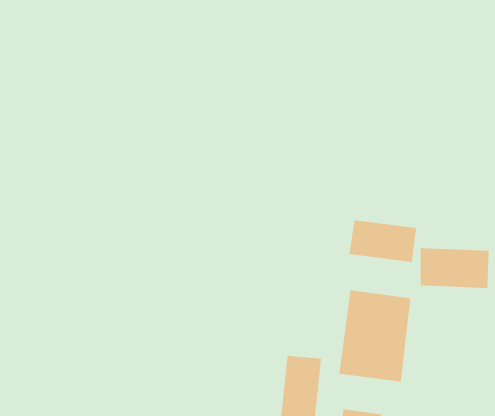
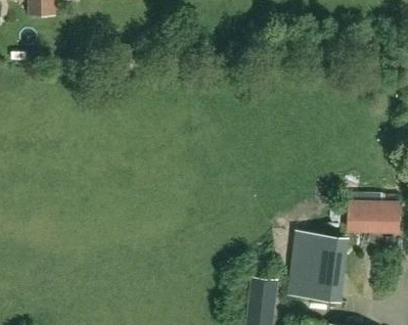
building: [349,219,417,263] -> none

